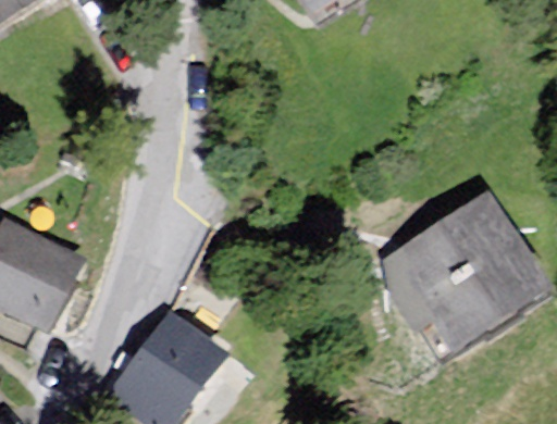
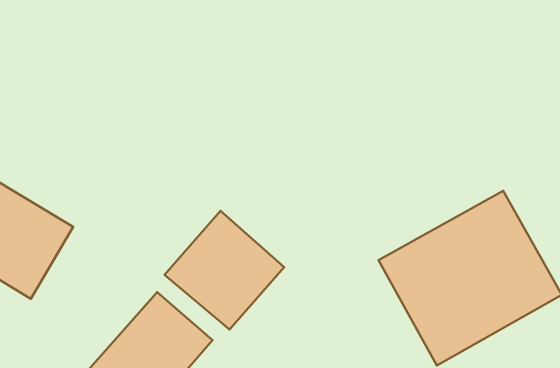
building: none -> [165,211,284,330]

